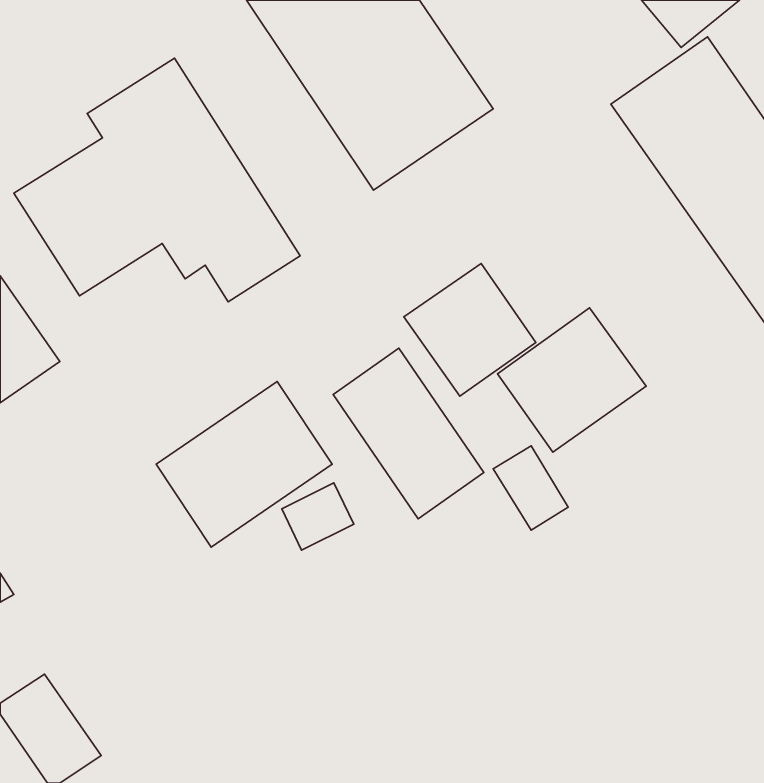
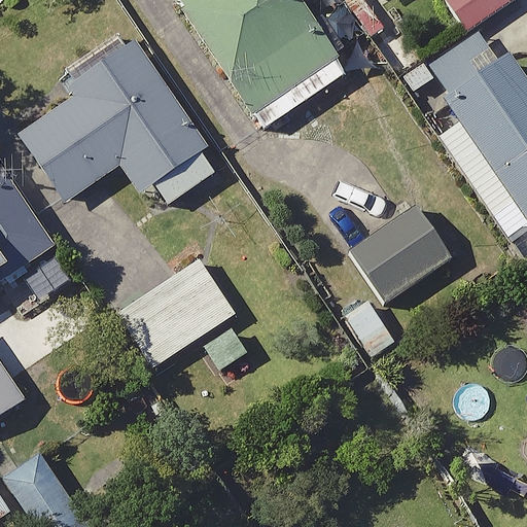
building: [404,263,536,396] -> none
building: [333,348,484,519] -> none

